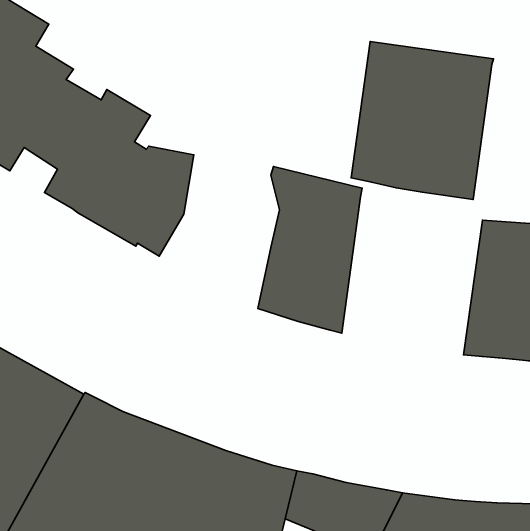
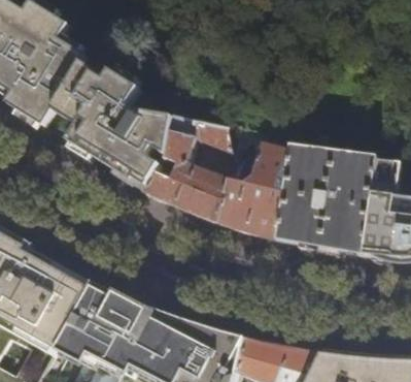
building: [351,41,493,200] -> [275,142,376,255]
building: none -> [141,113,231,222]

